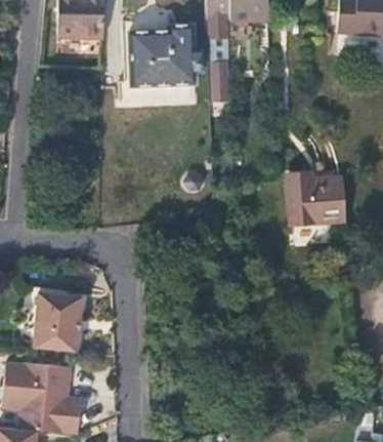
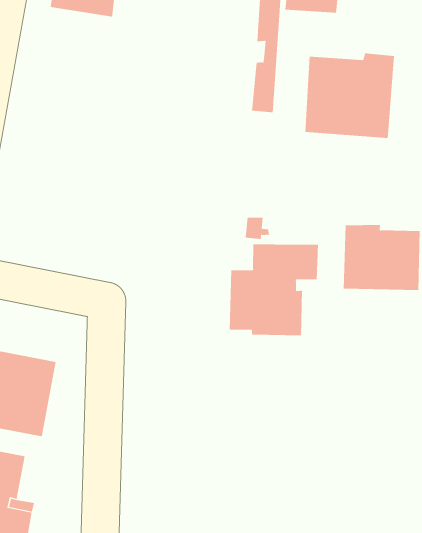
building: [129,25,194,87] -> [304,53,395,139]
building: none -> [229,244,319,336]

